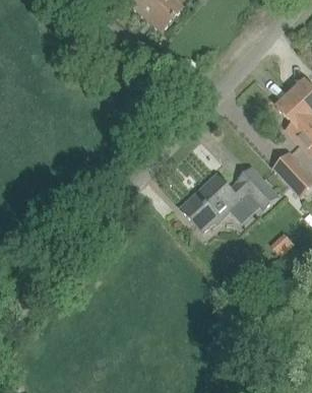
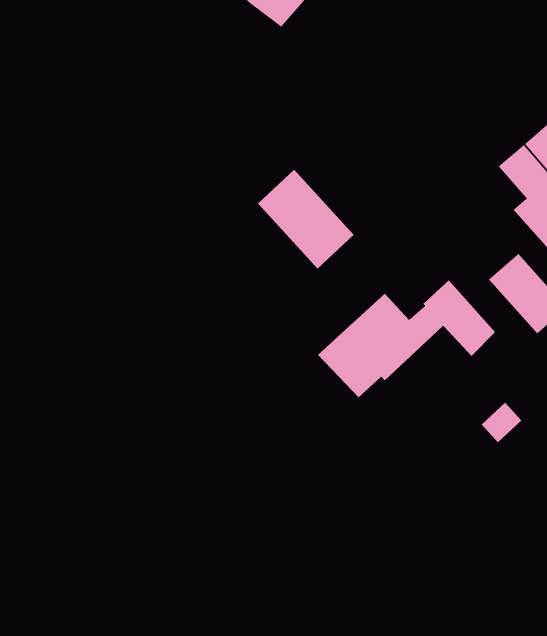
building: none -> [257,169,354,269]

